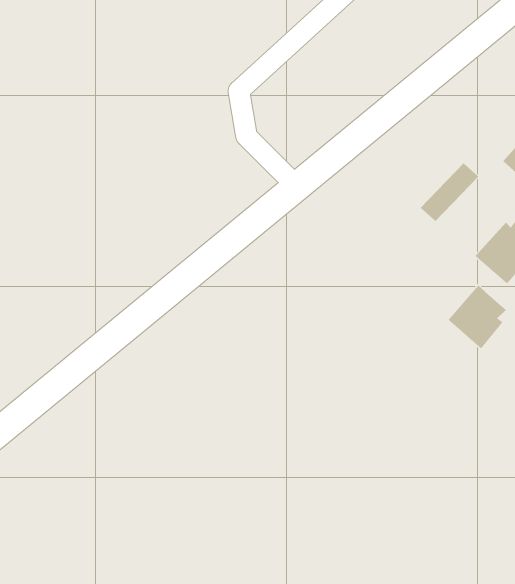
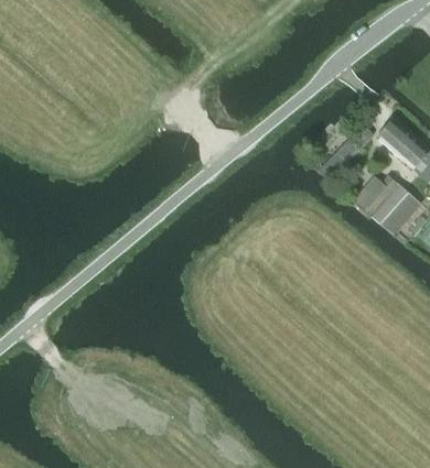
building: [447,284,507,350] -> none

